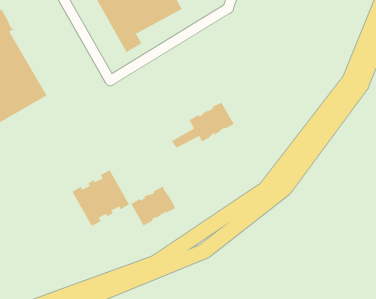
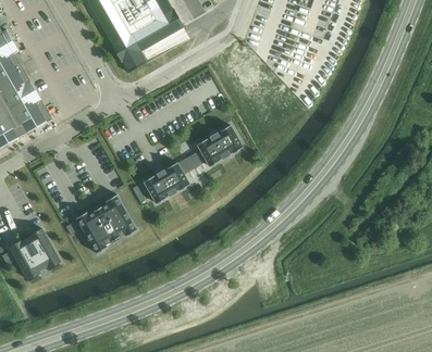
building: [130,186,176,226] -> [141,162,188,203]
building: none -> [8,227,59,279]

